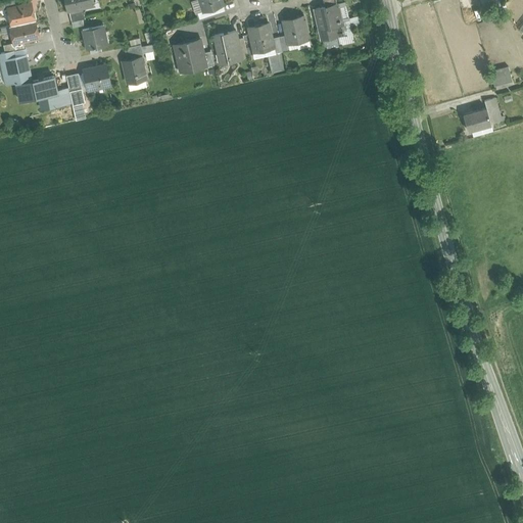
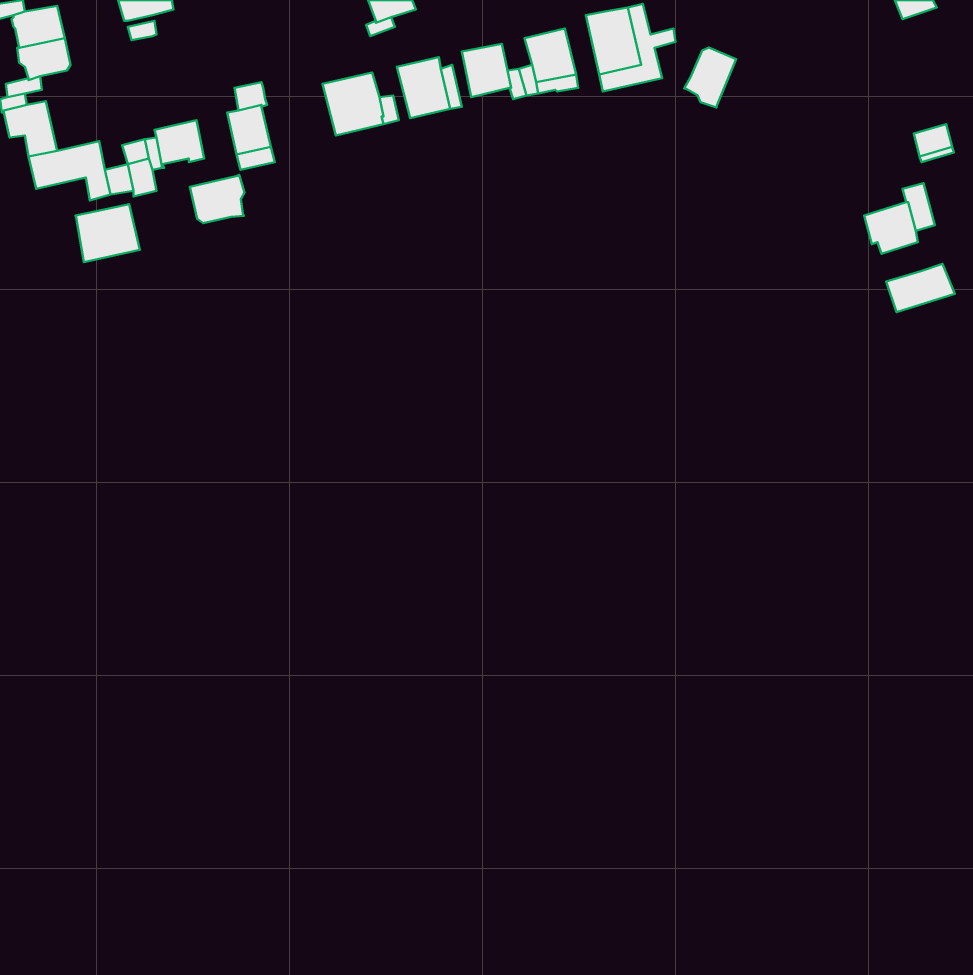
building: none -> [684,48,736,107]
building: [82,26,106,49] -> none
building: none -> [190,175,245,223]
building: none -> [75,204,140,262]
building: none -> [886,264,955,312]

